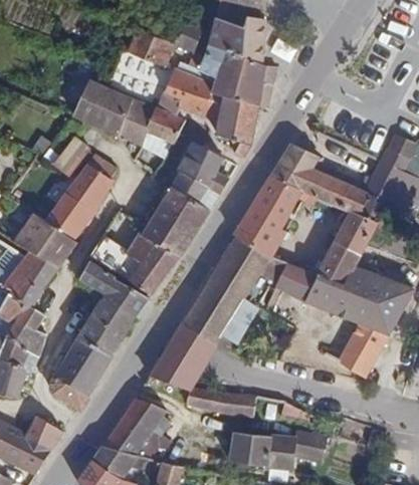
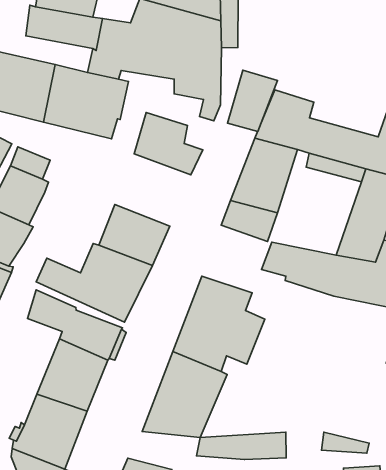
building: none -> [227,70,277,131]
building: [159,172,219,230] -> none
building: [214,236,270,290] -> none

